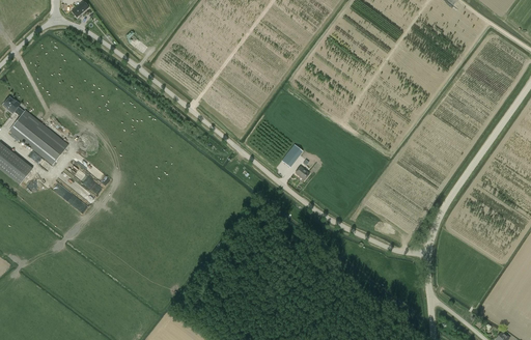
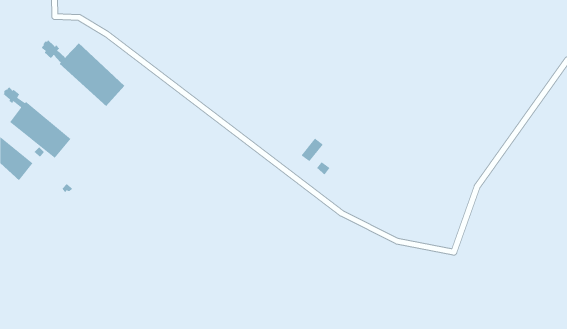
building: none -> [41,40,125,107]

